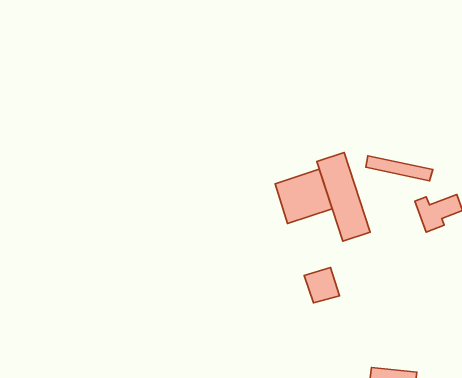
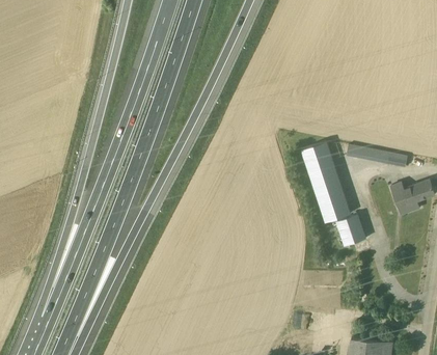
building: [275,169,332,223] -> none
building: [304,268,340,303] -> [335,214,367,246]

